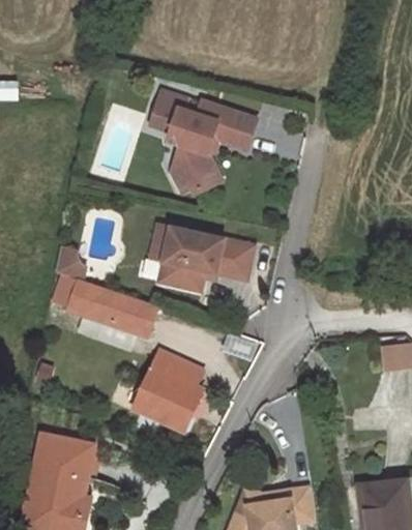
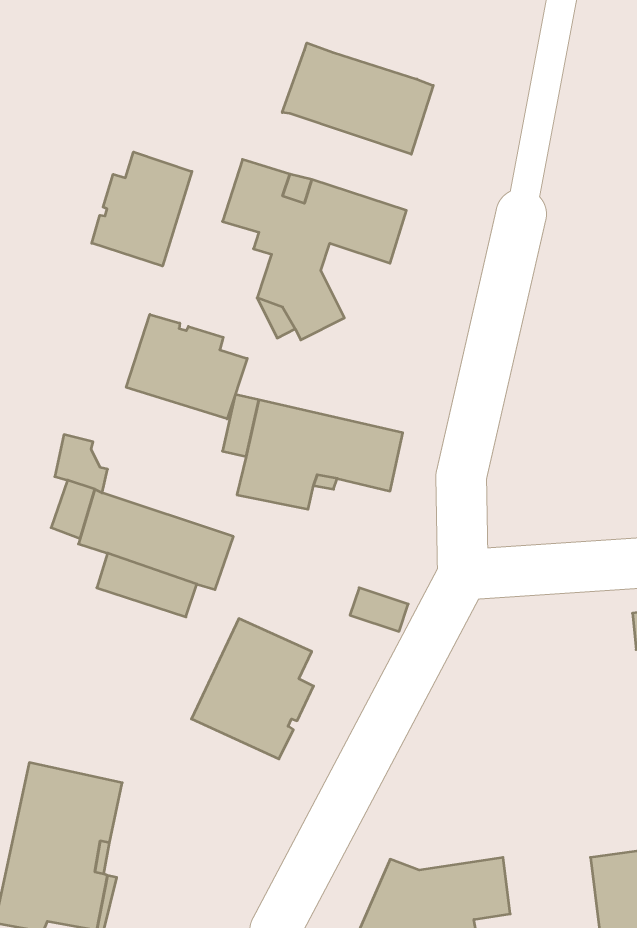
building: none -> [282,43,433,154]
building: none -> [92,152,192,266]
building: none -> [126,314,247,419]

